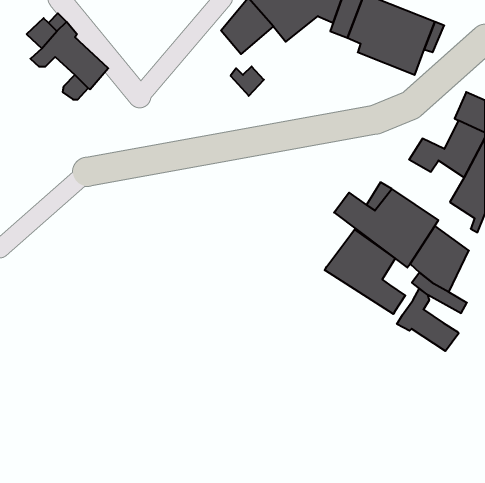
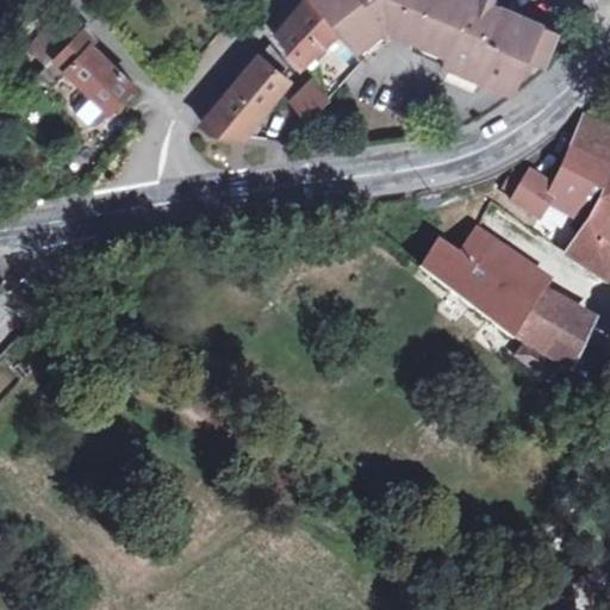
building: none -> [206,49,293,135]
building: [325,229,405,314] -> none
building: [397,289,459,351] -> none

